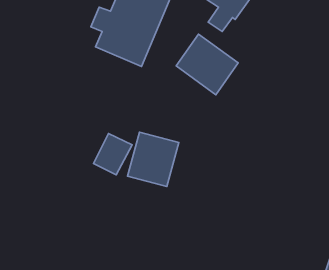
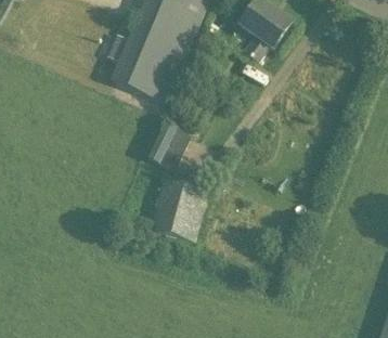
building: [176,34,238,95] -> none
building: [94,134,132,175] -> [147,121,192,169]

